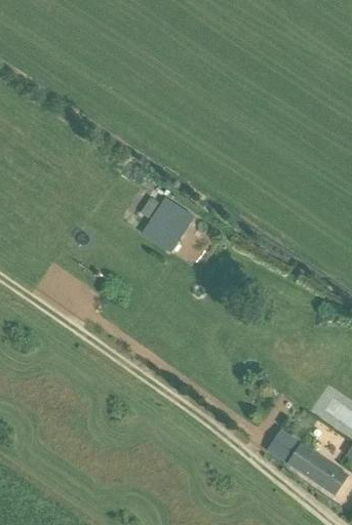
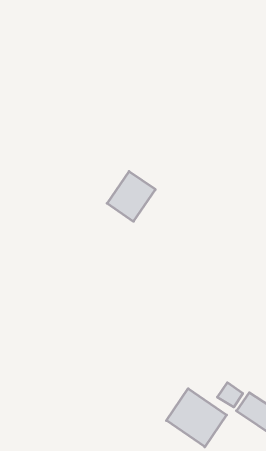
building: none -> [166,389,227,447]

